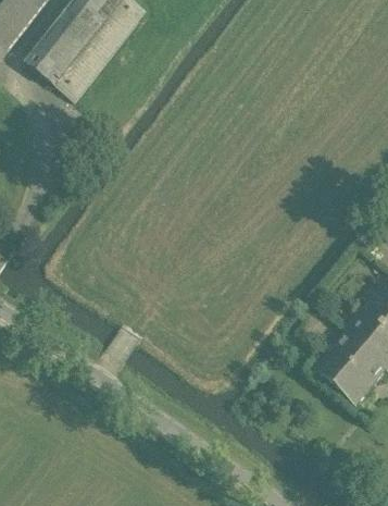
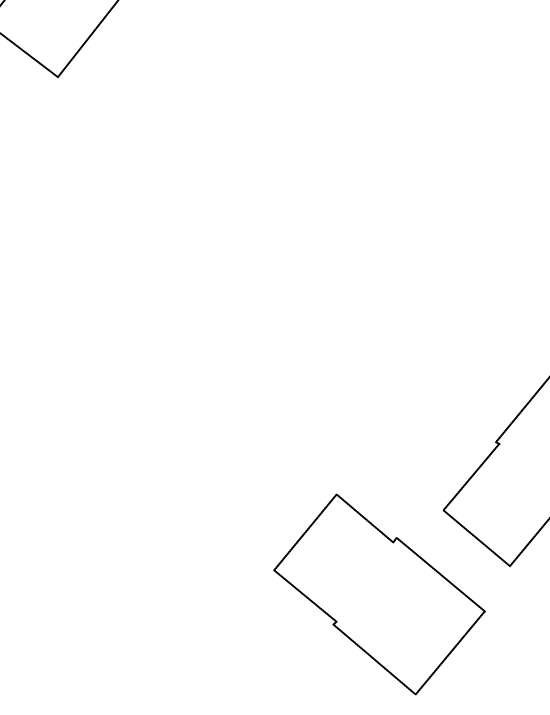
building: none -> [274,495,485,694]

